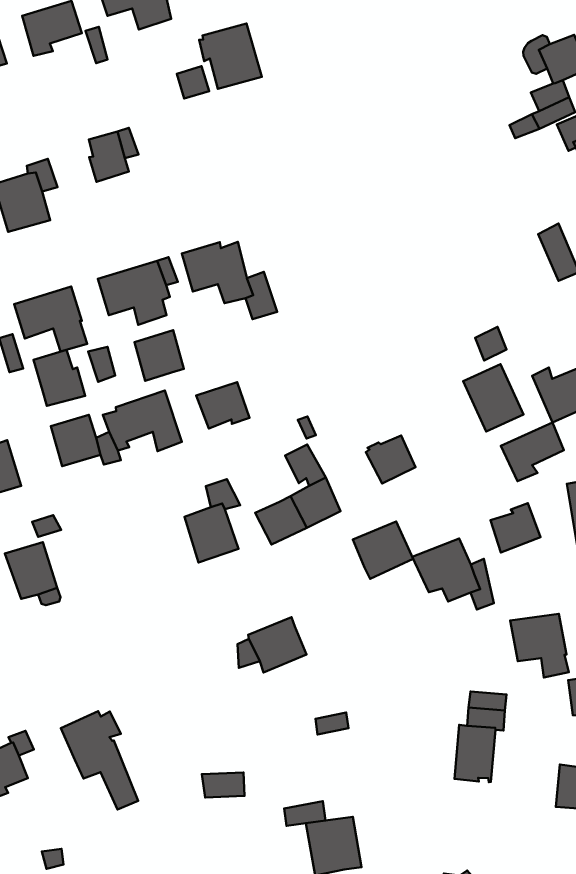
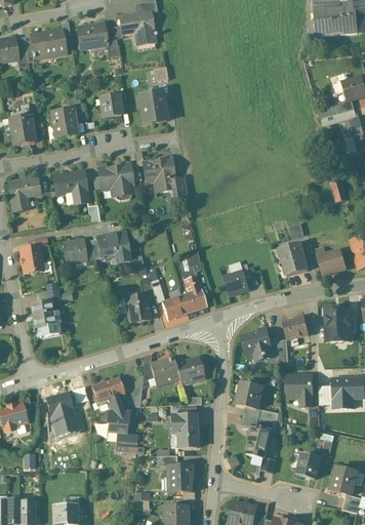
building: [199,24,262,89] -> [136,92,166,124]
building: [135,330,184,381] -> none
building: [33,350,85,406] -> none
building: [196,382,249,428] -> none
building: [501,423,564,481] -> none
building: [353,522,413,579] -> [174,357,204,385]
building: none -> [236,382,261,409]
building: none -> [91,377,128,427]
building: none -> [177,423,197,448]

